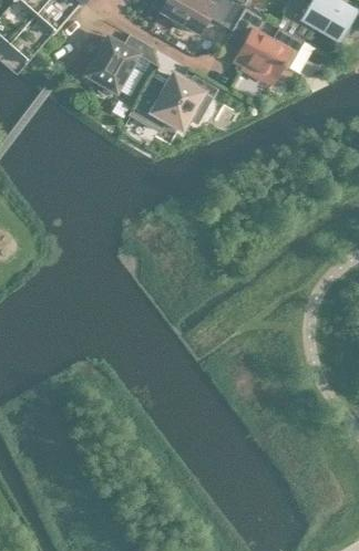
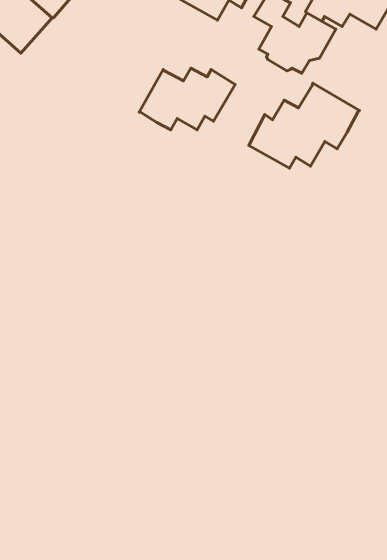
building: [85,34,157,95] -> none
building: none -> [249,83,359,168]

